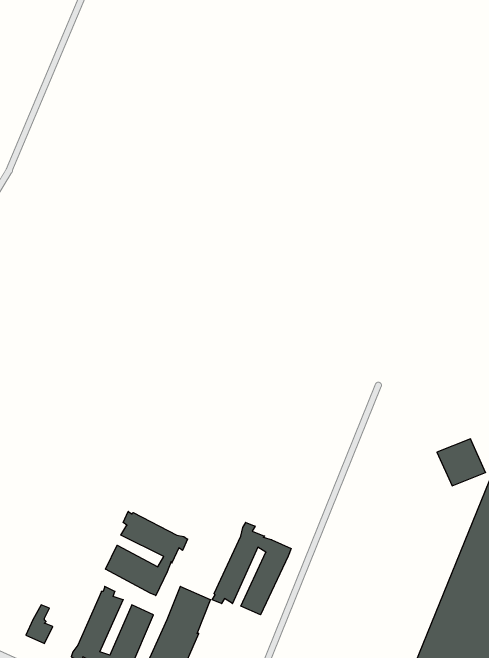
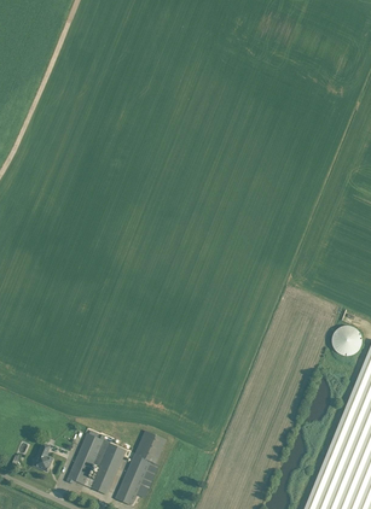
building: [106,511,188,596] -> none
building: [212,522,291,615] -> none

